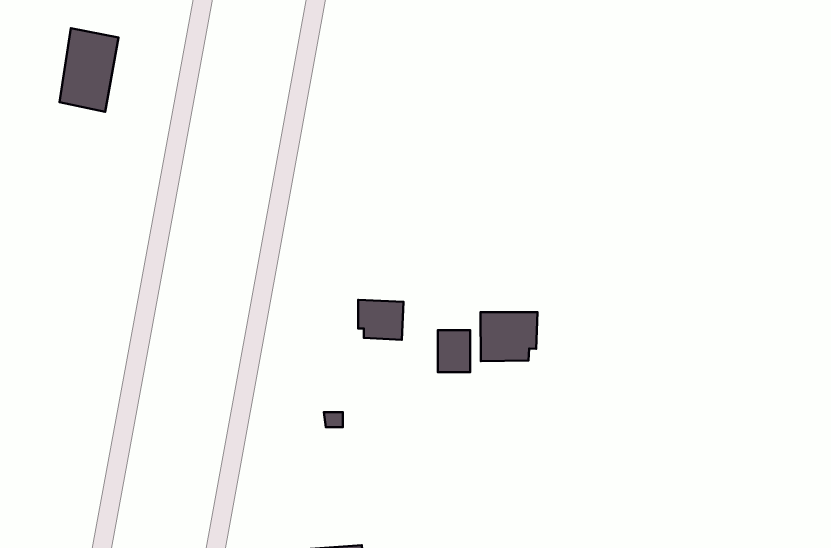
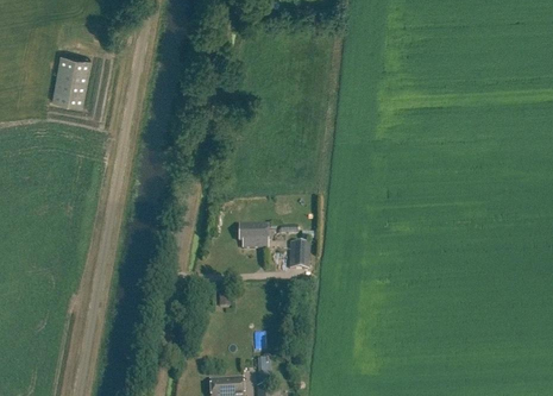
building: [480,312,538,361] -> none

